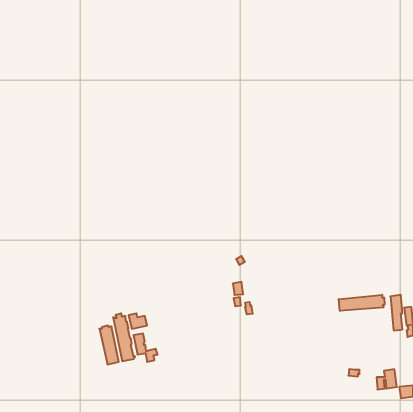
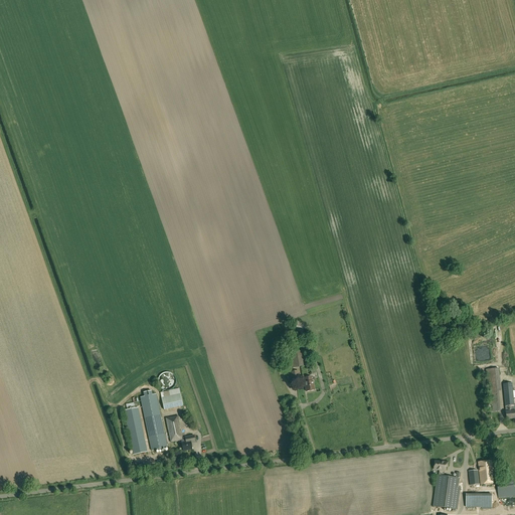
building: [339,295,385,311] -> none
building: none -> [434,472,461,509]
building: none -> [466,492,492,508]

